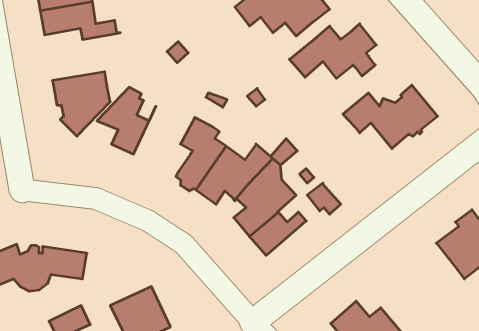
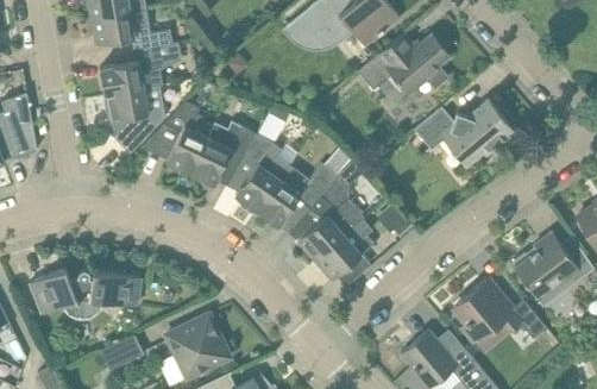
building: none -> [100,43,180,94]
building: none -> [190,120,256,184]
building: none -> [454,281,546,351]

